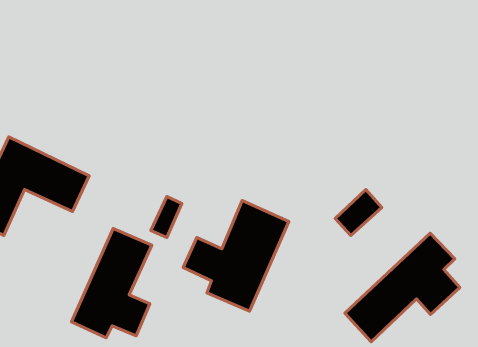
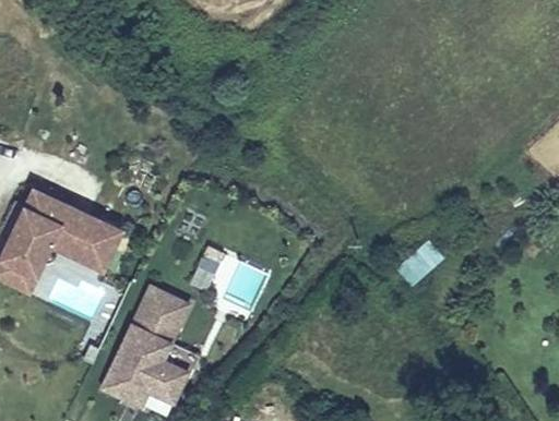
building: [183,201,289,311] -> none
building: [345,233,460,342] -> none

